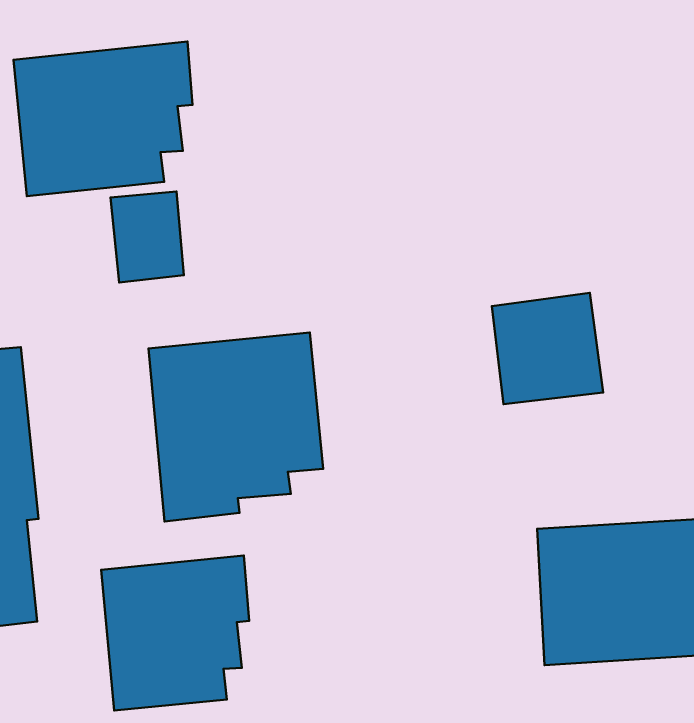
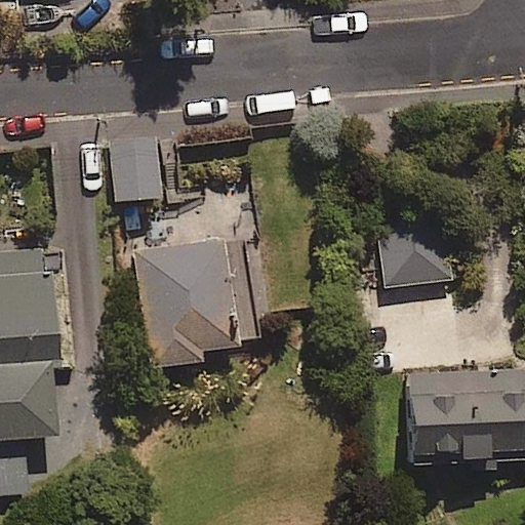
building: [13,41,192,196] -> none
building: [101,556,249,710] -> none

